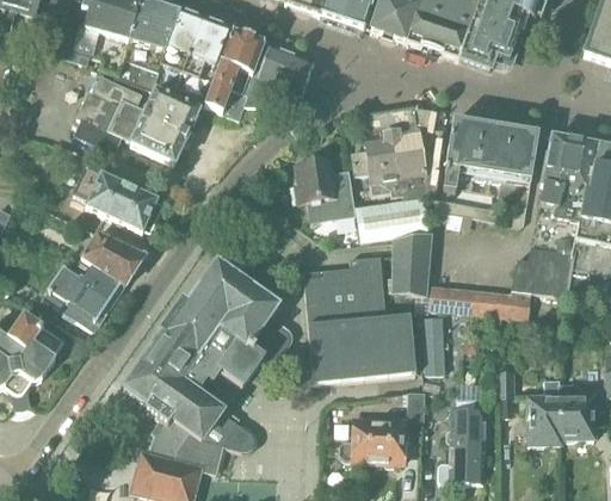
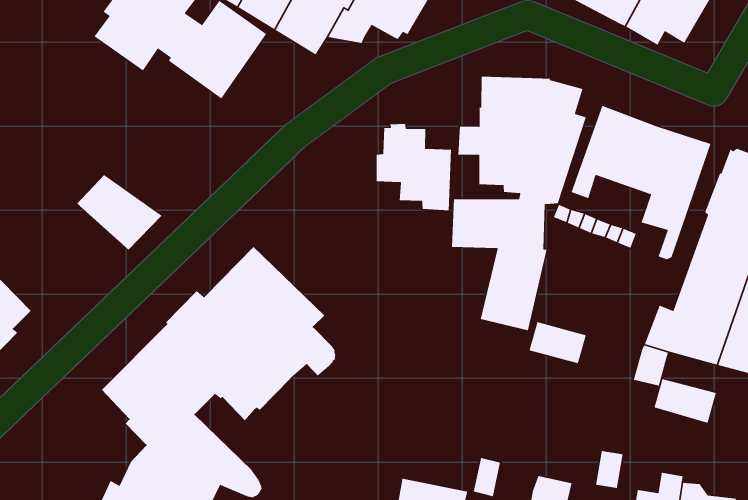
building: [74,165,159,230] -> none
building: [303,253,415,382] -> none
building: [45,255,126,330] -> none
building: [469,286,513,314] -> [654,378,717,424]
building: [422,314,444,371] -> none

